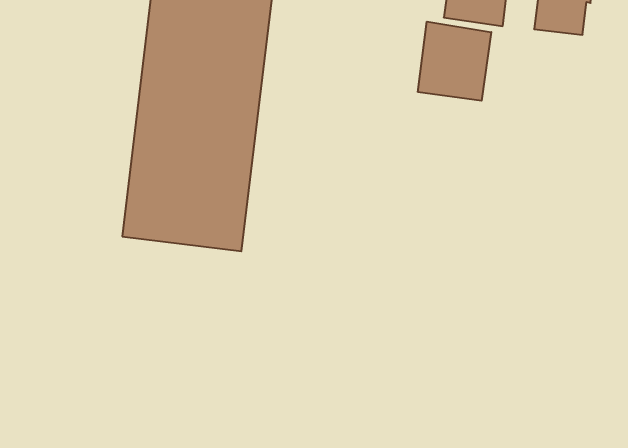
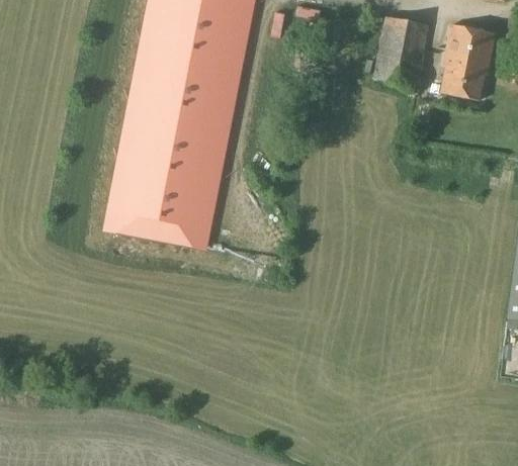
building: [418,22,491,101] -> none

